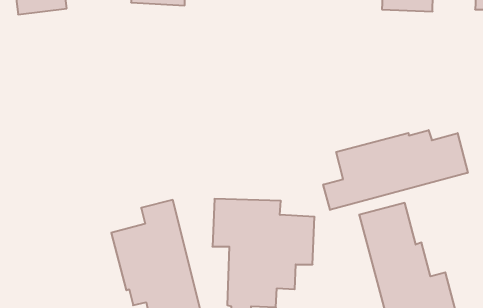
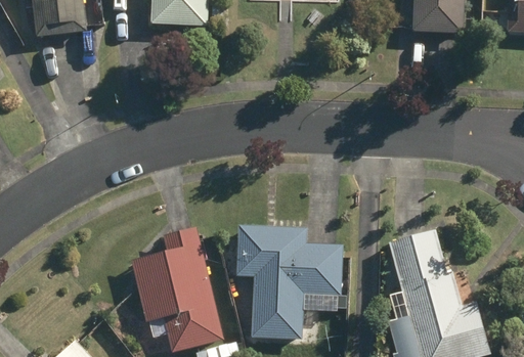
building: [323,130,468,210] -> none

